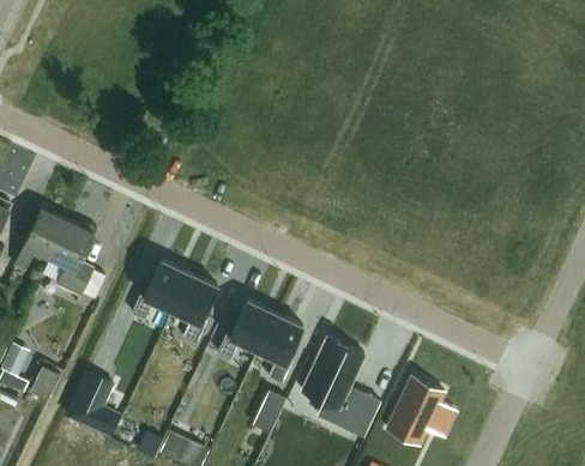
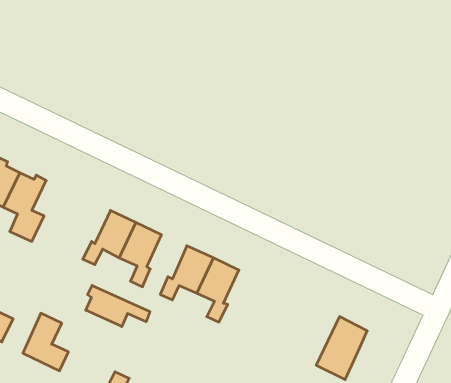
building: [301,338,379,437] -> none
building: none -> [86,285,150,327]
building: [251,391,284,434] -> none

